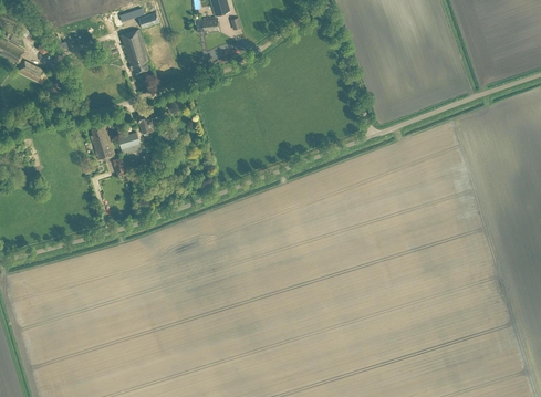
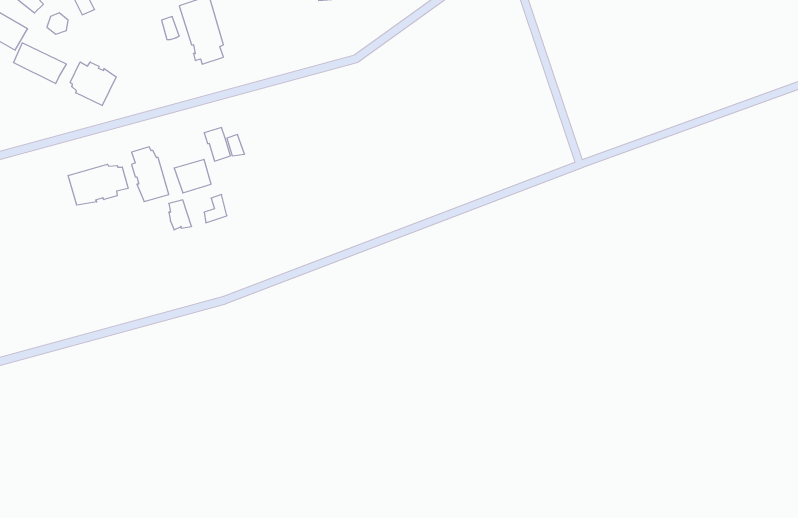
building: none -> [70,62,116,106]
building: none -> [68,164,128,205]

